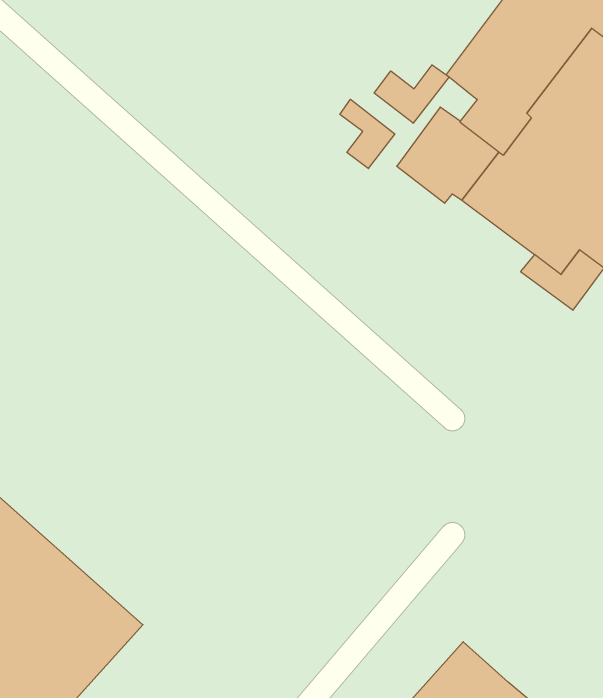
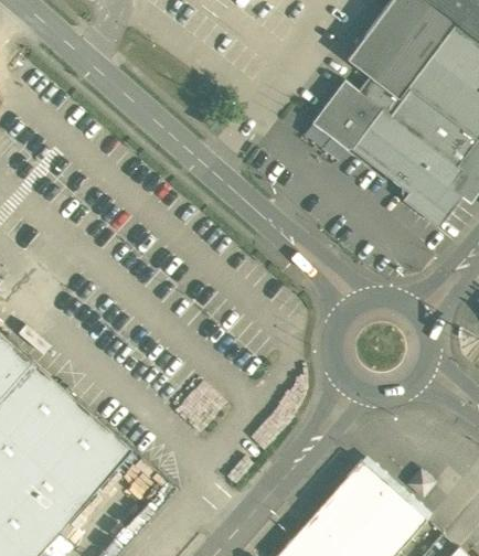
building: [374,65,449,123] -> none
building: [340,99,395,169] -> none

